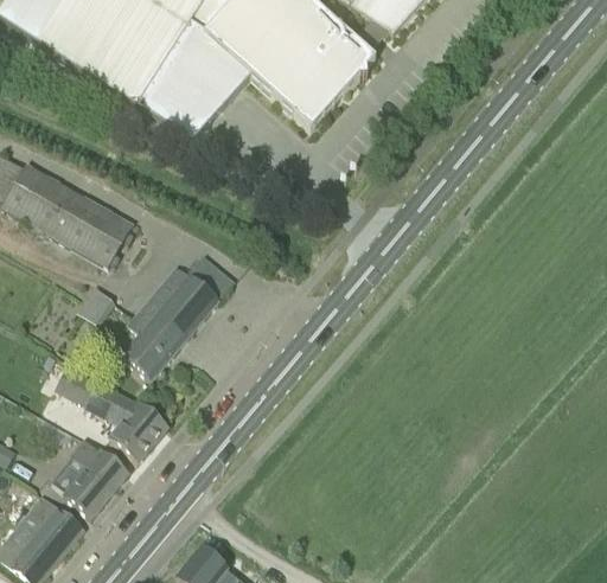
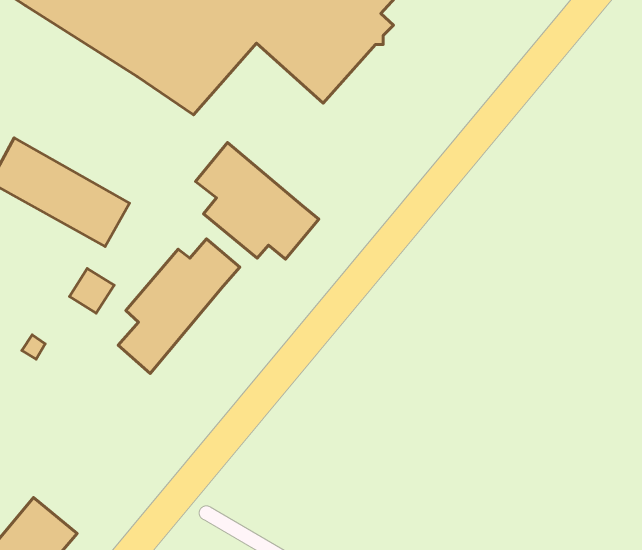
building: none -> [196,142,319,259]
building: [66,372,167,462] -> none
building: [50,437,129,518] -> none

